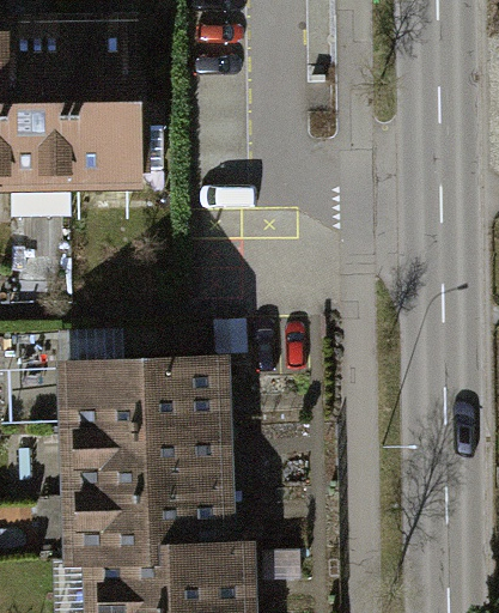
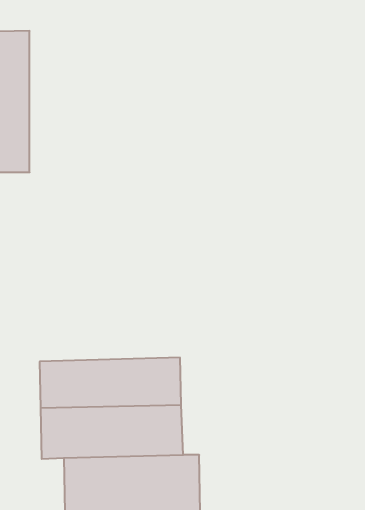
building: [51,40,111,208] -> none
building: [61,356,231,435] -> none

